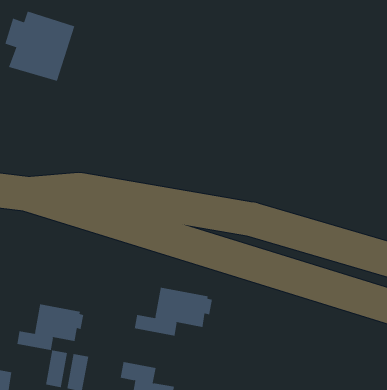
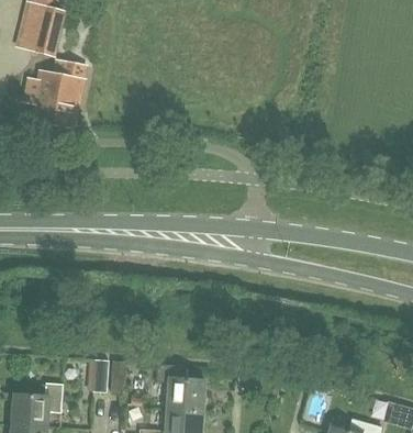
building: [134,287,212,336] -> none
building: [17,303,84,351] -> none

